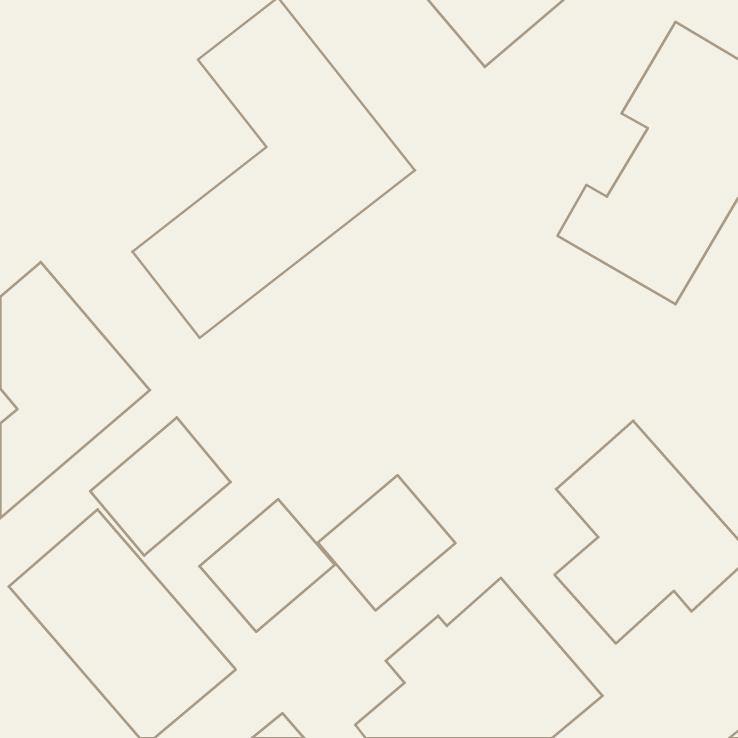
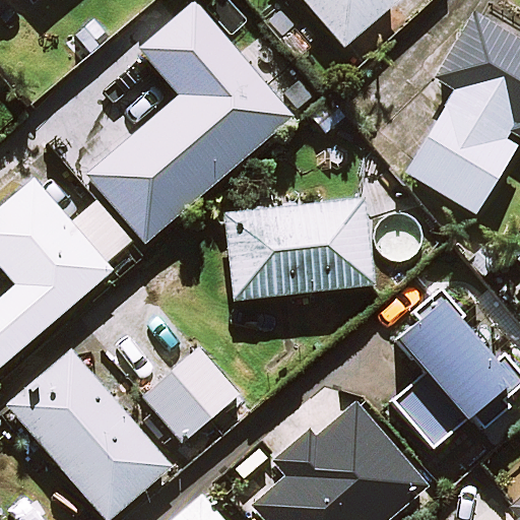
building: none -> [223,195,374,301]
building: [90,417,231,556] -> none
building: [318,475,455,610] -> none

